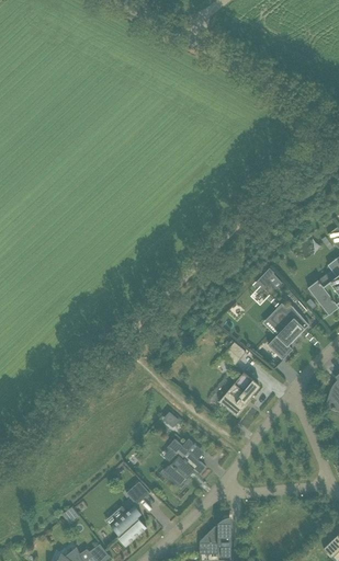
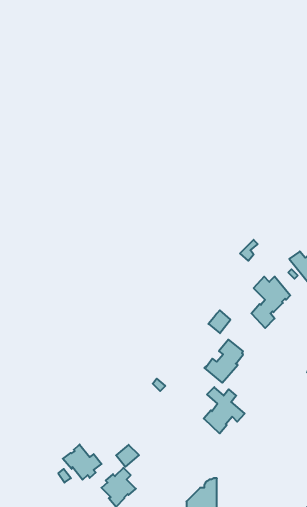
building: [163,439,206,488] -> [204,387,245,433]
building: none -> [63,444,102,480]

